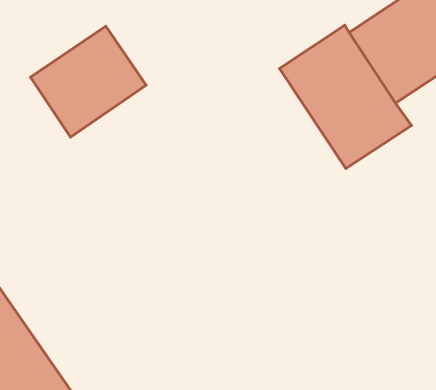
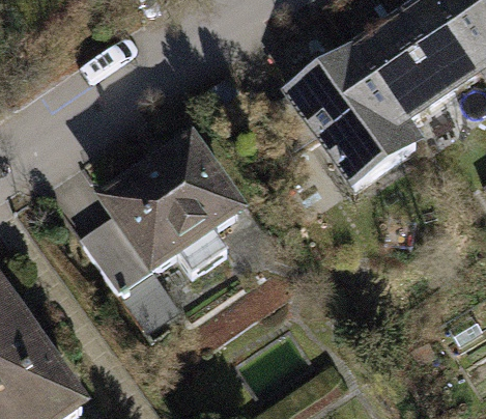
building: [30,26,146,137] -> none
building: none -> [88,135,240,284]

